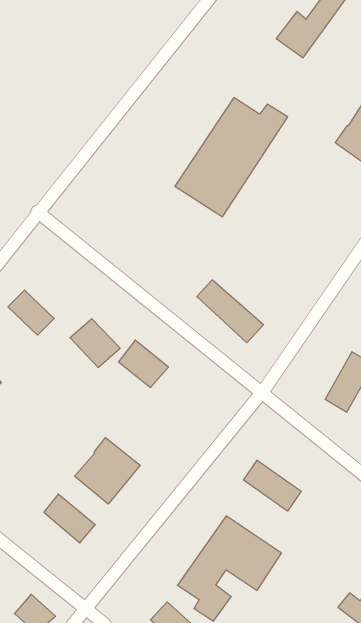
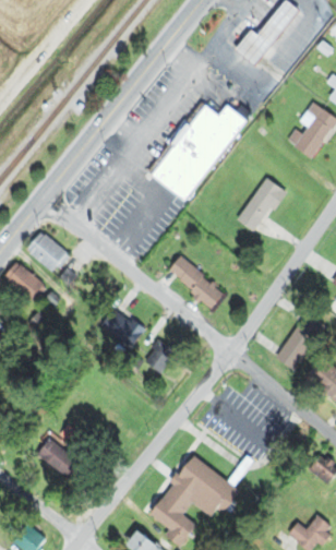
building: none -> [236,178,286,234]
building: [70,319,120,368] -> [26,232,69,274]
building: none -> [142,338,176,373]
building: [75,438,140,504] -> none
building: [243,460,301,511] -> none

